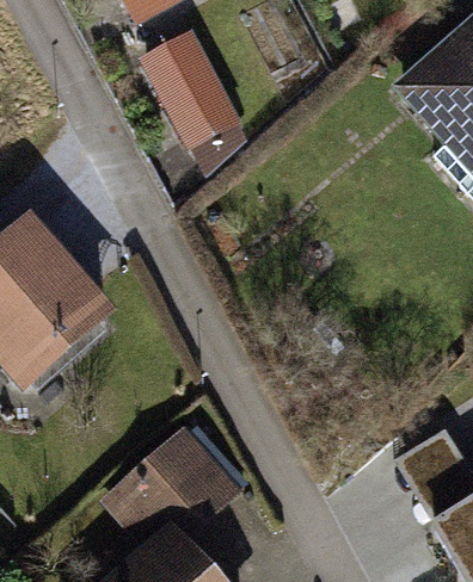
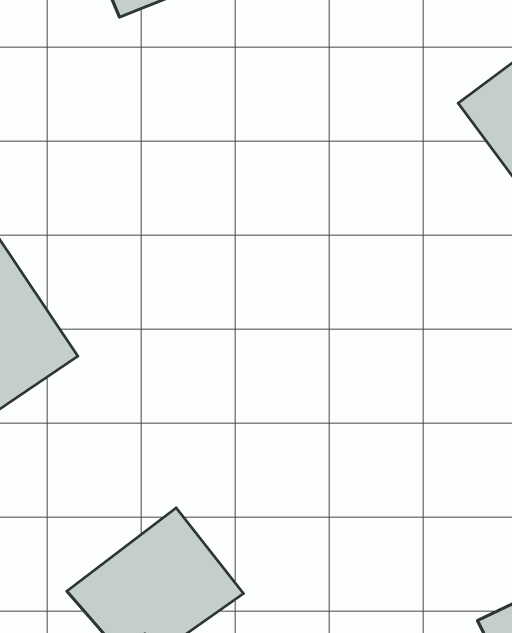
building: [149,27,264,172] -> none

